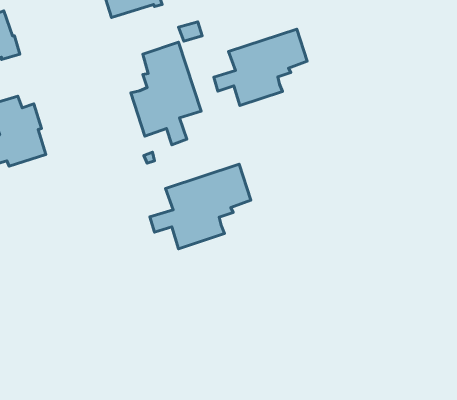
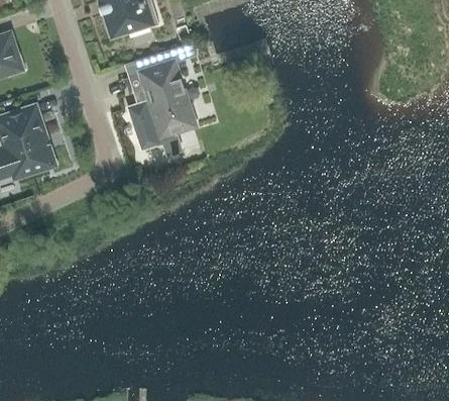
building: [214,29,307,105] -> none
building: [150,164,251,249] -> none

